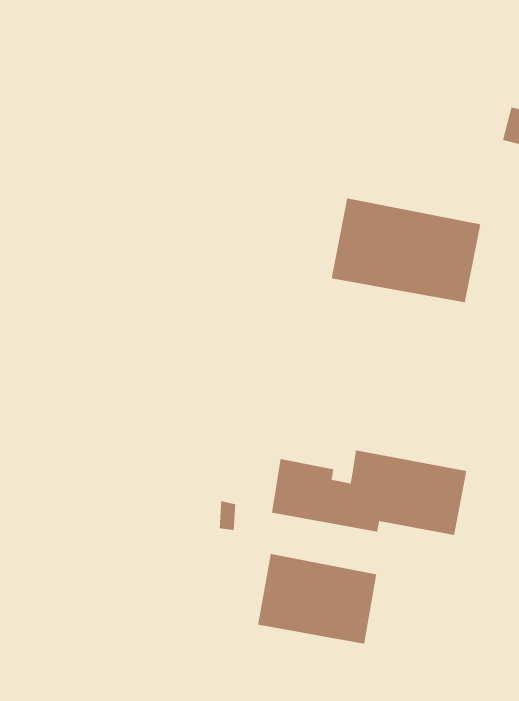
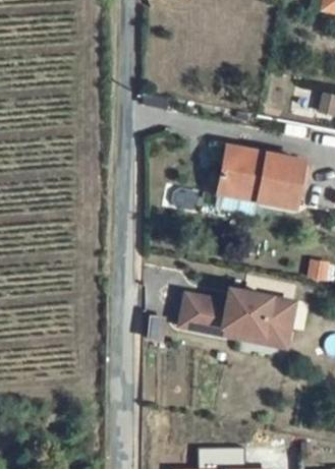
building: [257,553,377,645] -> none

